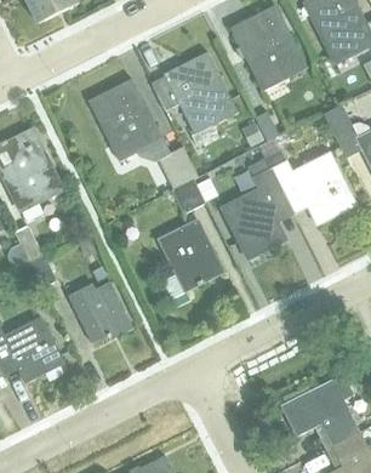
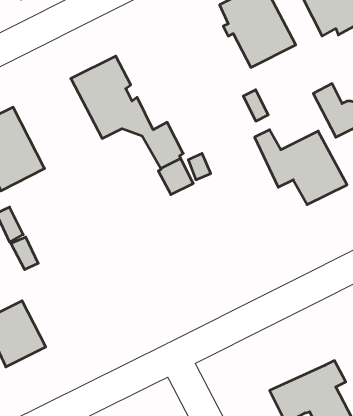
building: [150,52,236,132] -> none
building: [221,158,289,258] -> none
building: [160,220,223,297] -> none
building: [69,281,133,341] -> none

